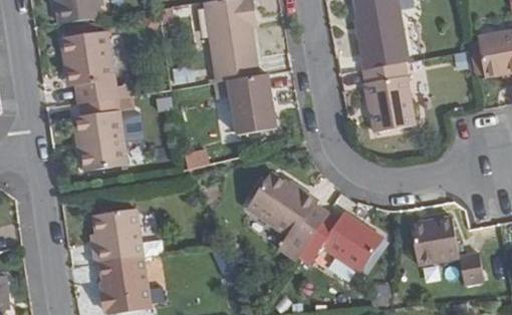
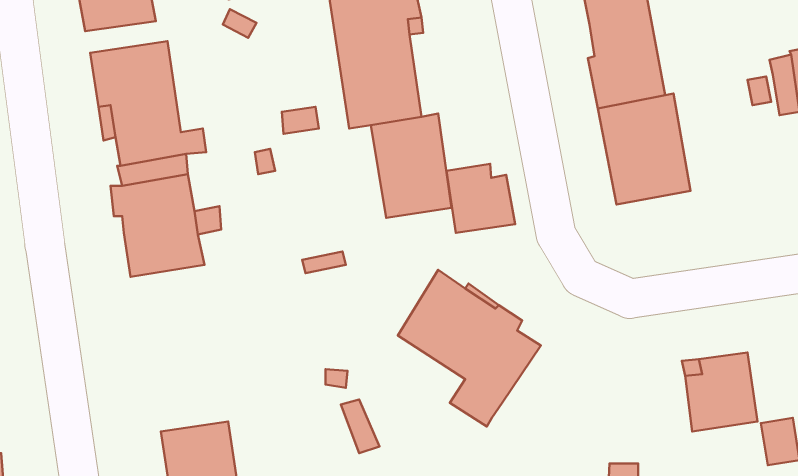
building: none -> [446,164,515,233]
building: [91,208,142,264] -> none
building: [299,210,383,272] -> none

